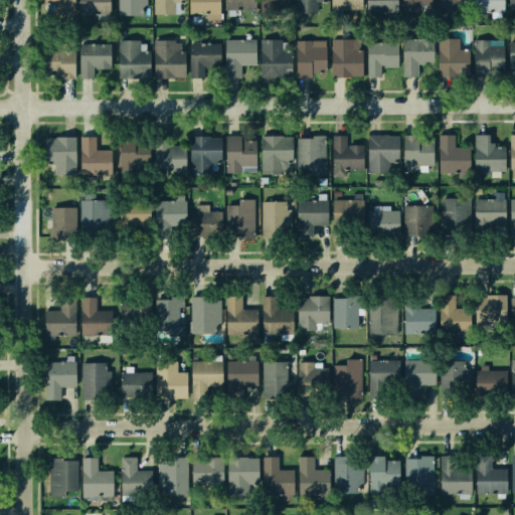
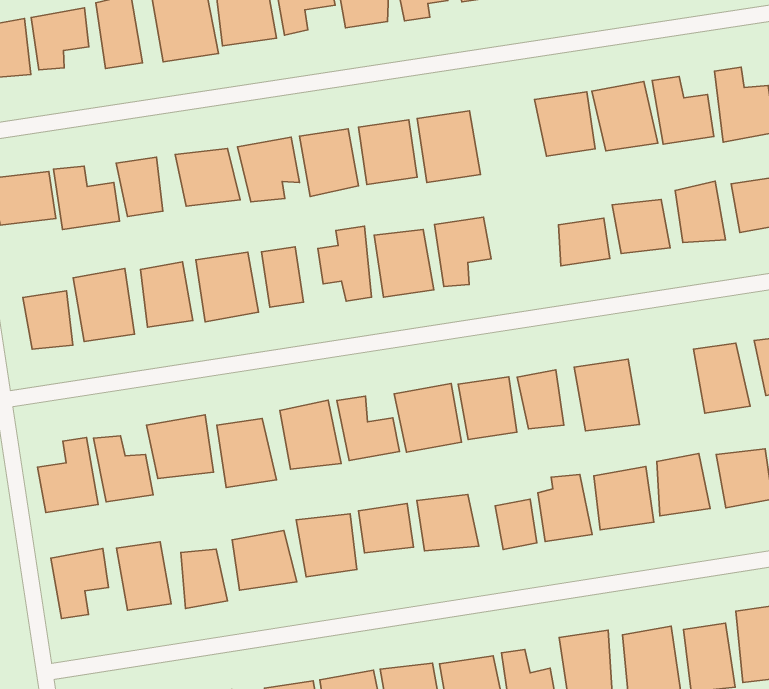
building: [334,136,365,168] -> none
building: [336,198,366,230] -> none
building: [404,307,434,334] -> none

